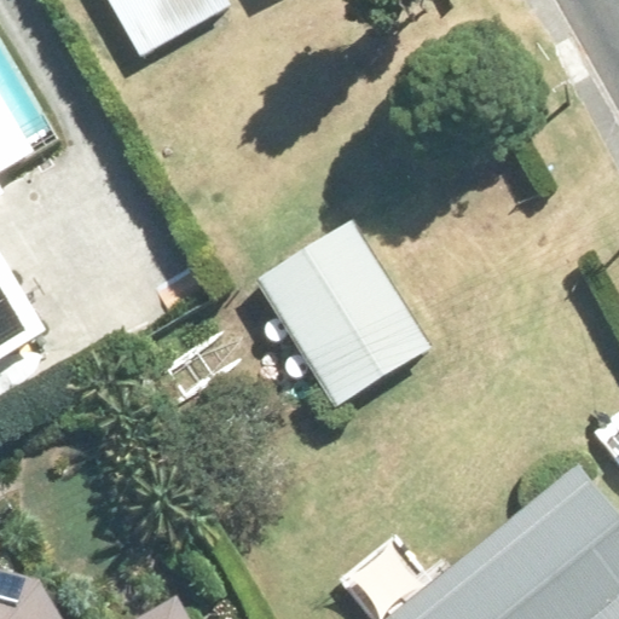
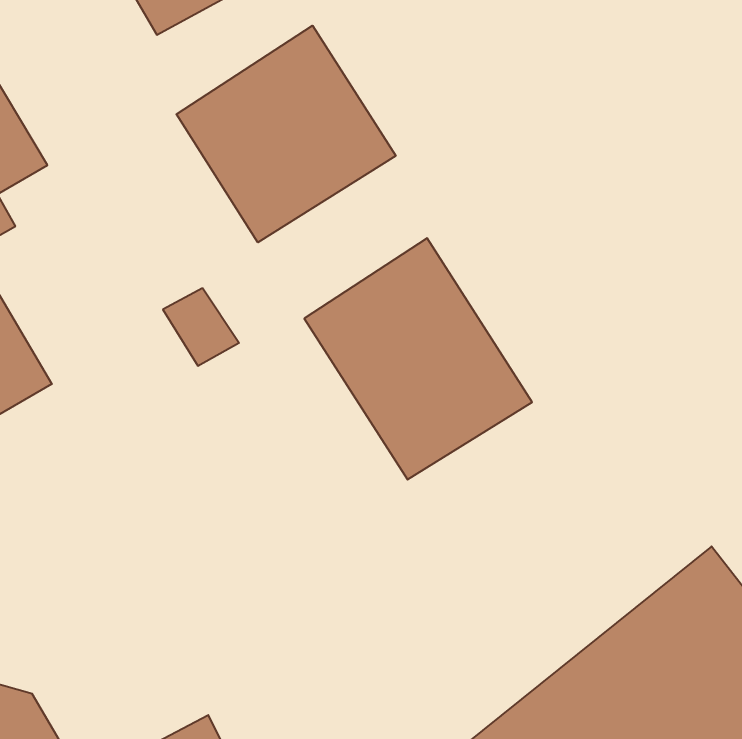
building: none -> [176,26,396,242]

